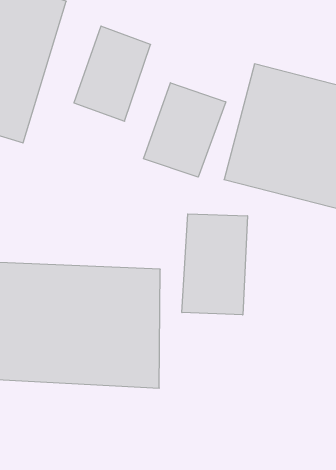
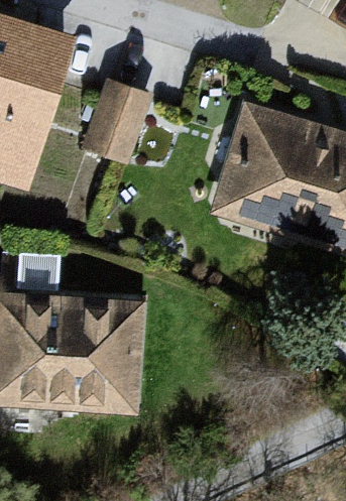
building: [144,83,226,177] -> none
building: [182,214,247,315] -> none

